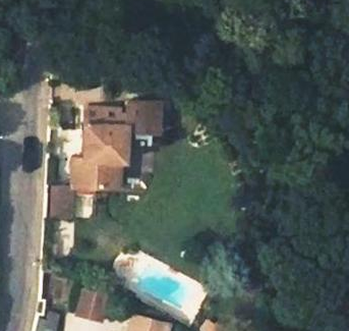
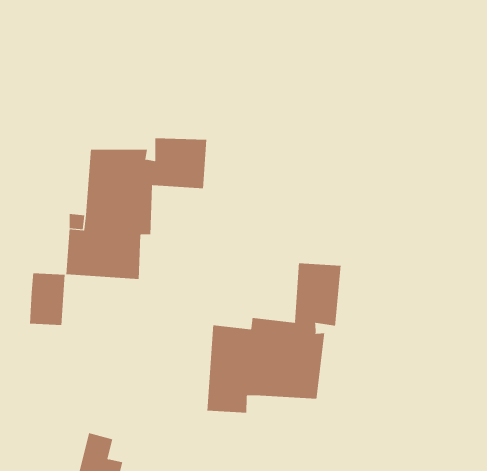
building: none -> [207,262,341,414]

